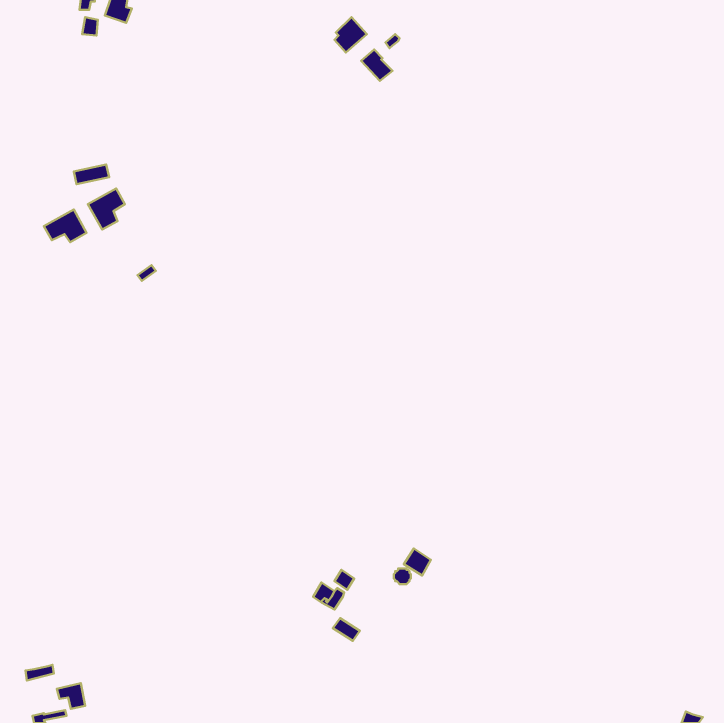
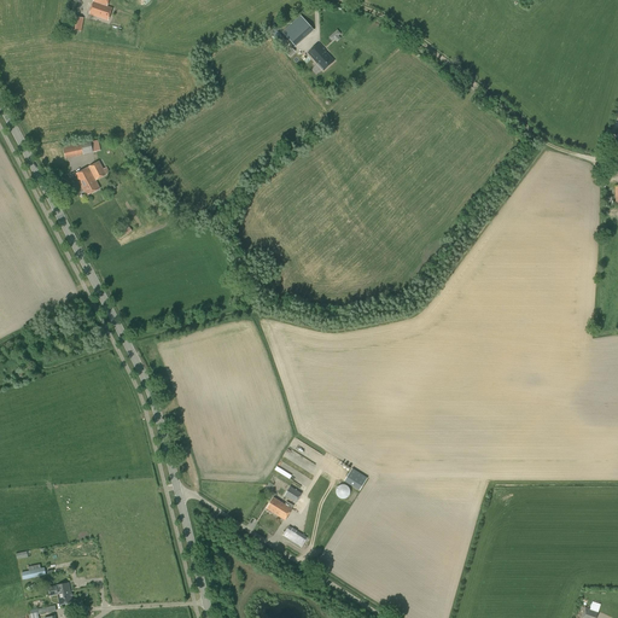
building: [44,210,86,242] -> none

